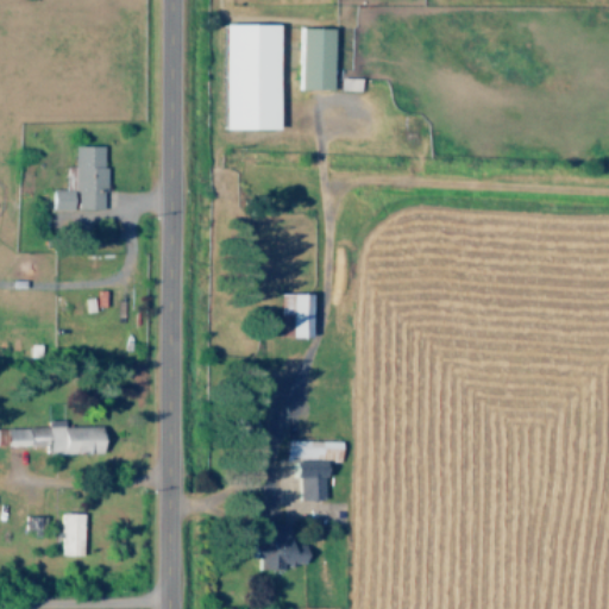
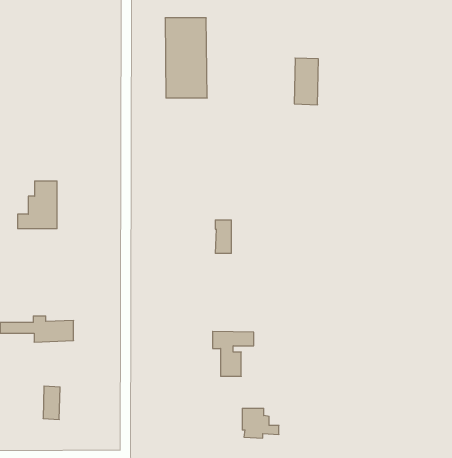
building: [304,29,337,90] -> [294,58,318,105]
building: [57,146,109,209] -> [18,181,57,229]
building: [260,530,309,570] -> [242,408,279,438]

